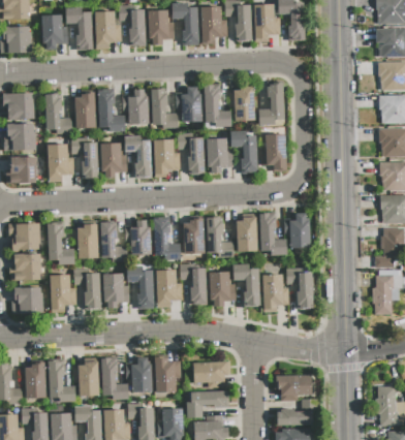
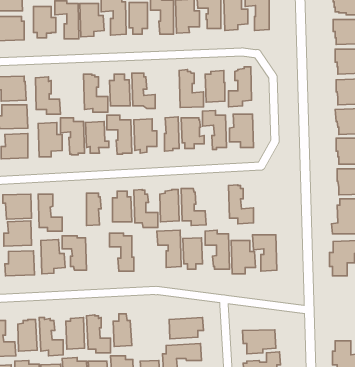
building: [181,87,202,122] -> none
building: [74,92,96,128] -> none
building: [289,213,311,247] -> none
building: [237,217,258,252] -> none
building: [77,224,98,258] -> none
building: [156,270,184,307] -> none
building: [103,274,129,309] -> none
building: [155,356,182,392] -> none

